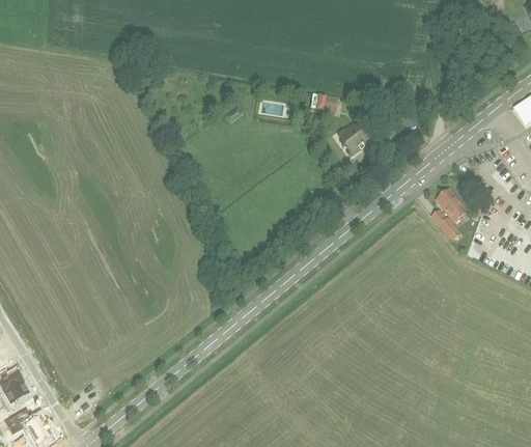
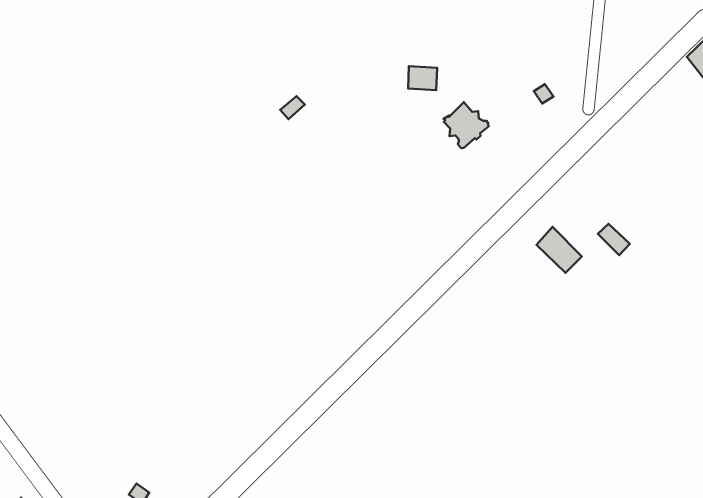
building: [436,187,467,220] -> [536,227,582,273]

